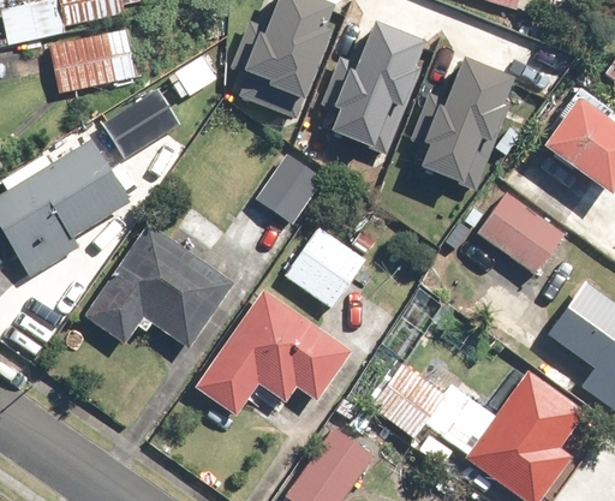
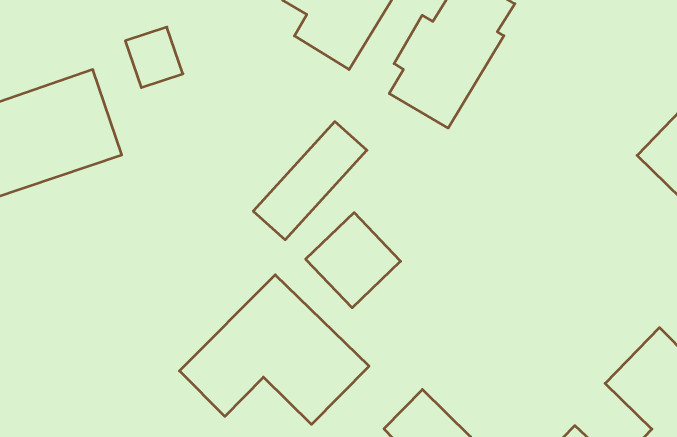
building: [412,52,514,181] -> none
building: [480,198,565,275] -> none
building: [91,226,232,341] -> none

